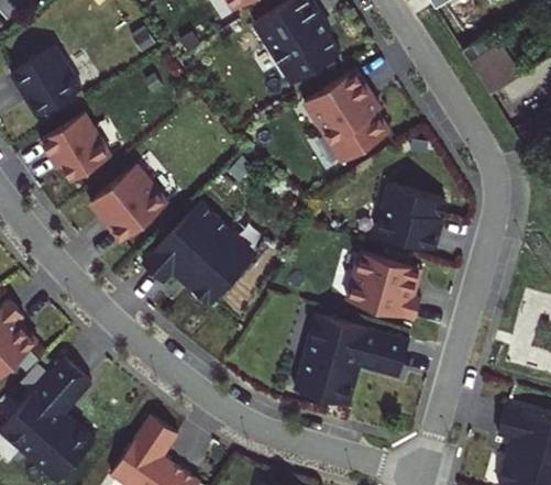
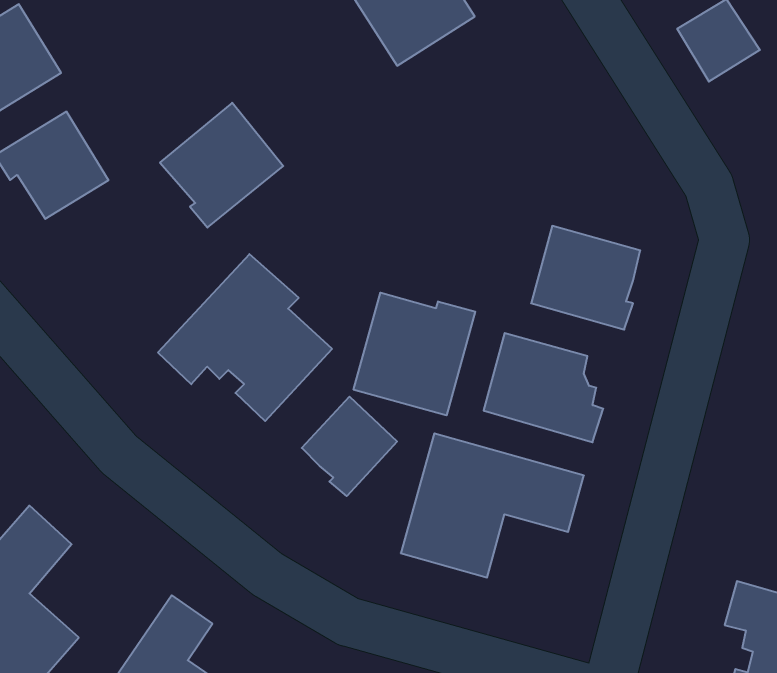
building: [304,69,390,163] -> none
building: [91,164,168,242] -> [160,103,283,228]
building: none -> [354,293,475,415]
building: none -> [302,397,397,496]

